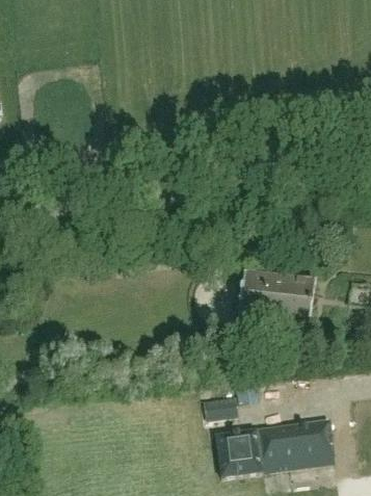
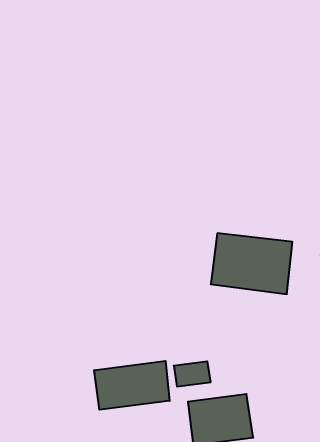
building: none -> [94,361,170,410]
building: [272,420,335,469] -> none

